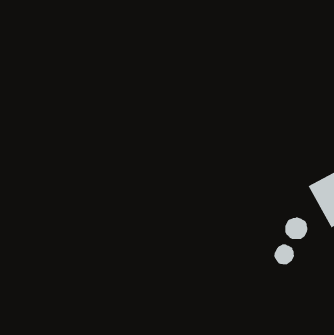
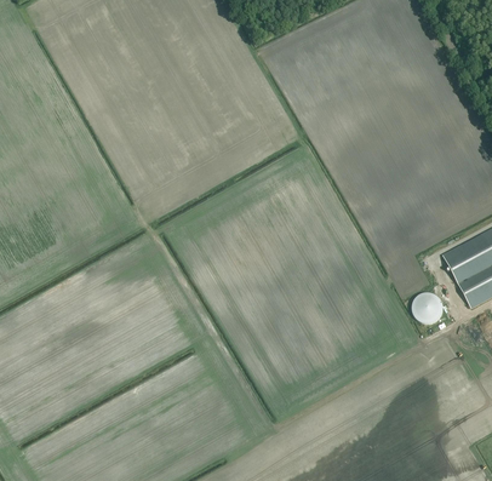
building: [274,244,295,265] -> none

